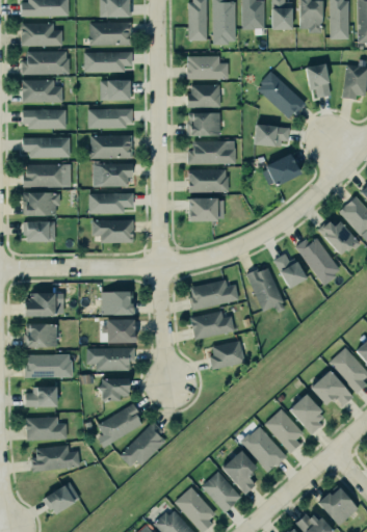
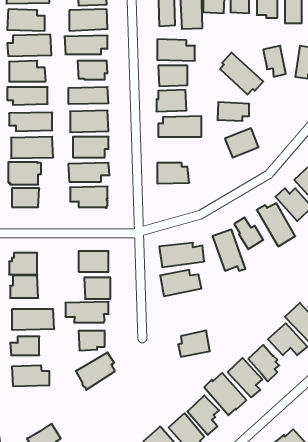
building: [188,169,229,193] -> none
building: [209,341,244,370] -> [178,330,210,357]
building: [117,421,163,467] -> none
building: [31,446,80,471] -> none

